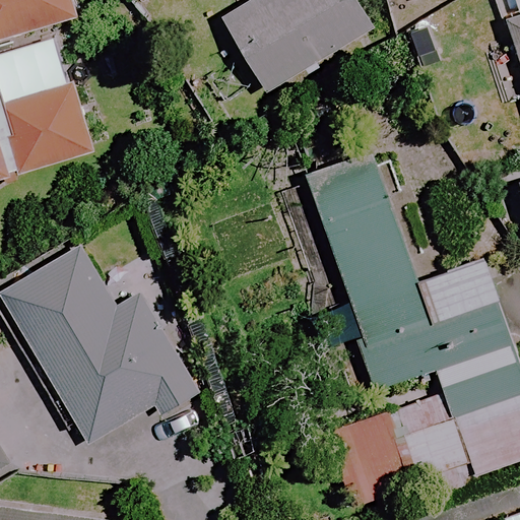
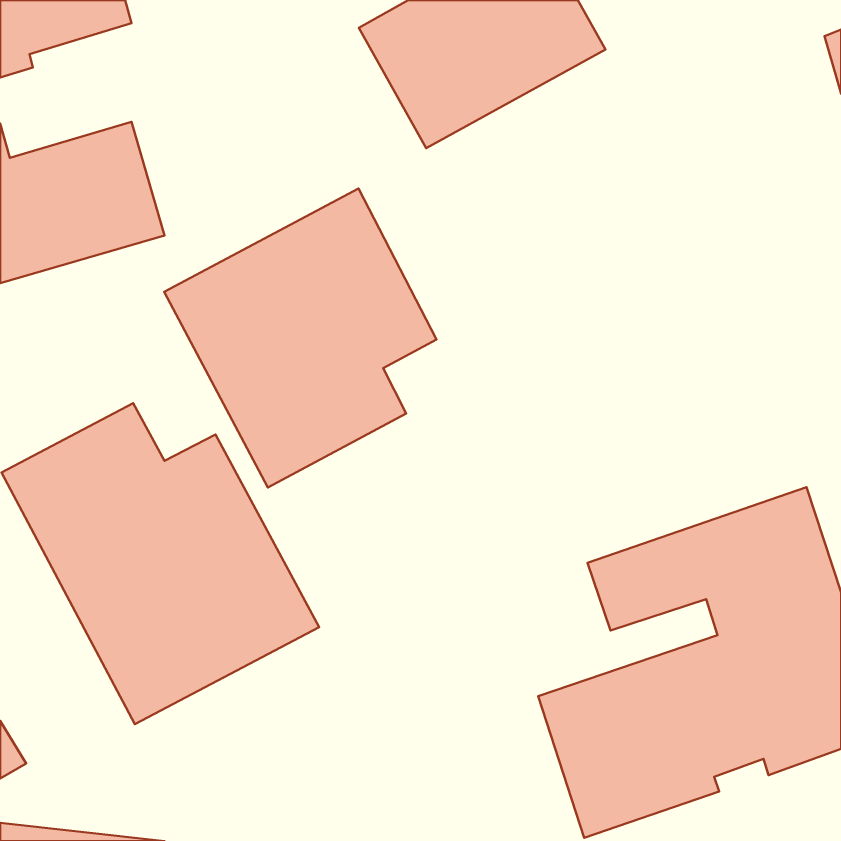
building: none -> [164,189,436,487]
building: [304,148,498,347] -> none

